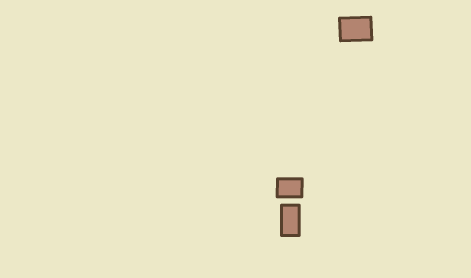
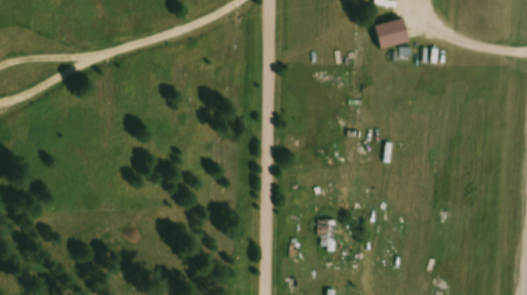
building: [277,179,302,197] -> none

